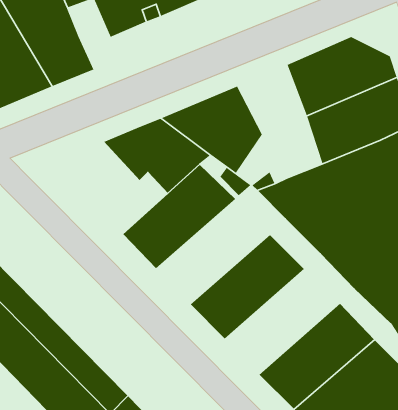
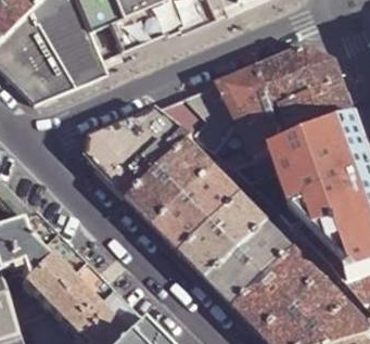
building: none -> [220,67,285,155]
building: none -> [93,127,166,199]
building: none -> [157,171,245,253]
building: none -> [210,226,299,307]

